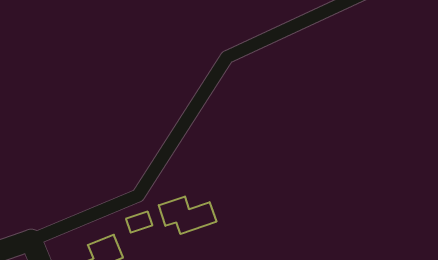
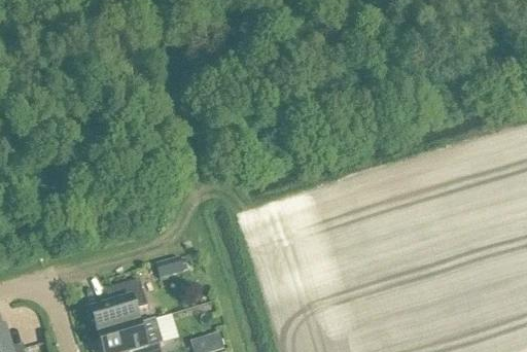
building: [159,196,216,234] -> none

